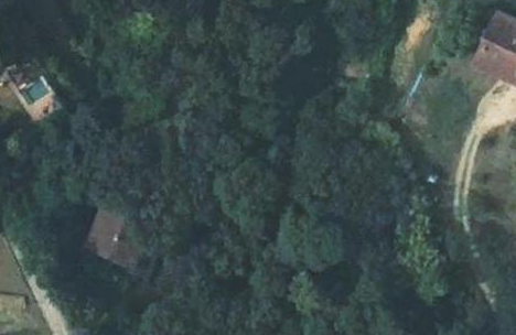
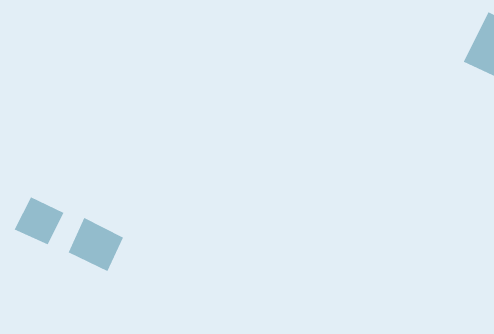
building: none -> [14,196,64,245]

